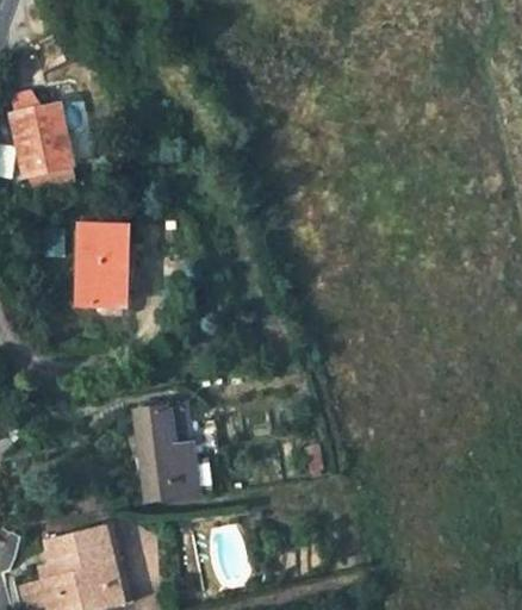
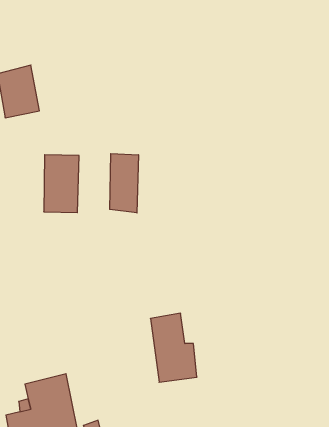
building: none -> [110,154,138,213]
building: [130,403,194,498] -> [150,313,197,382]

